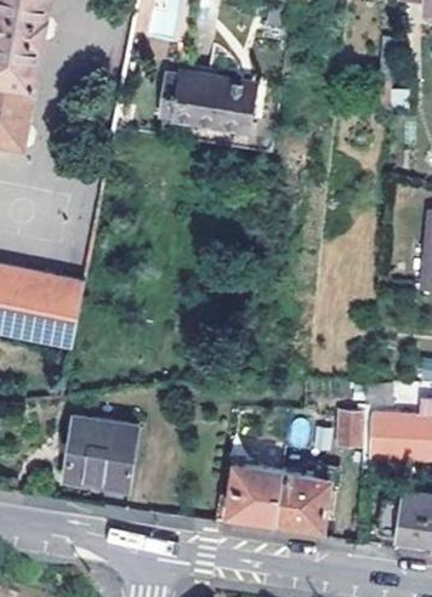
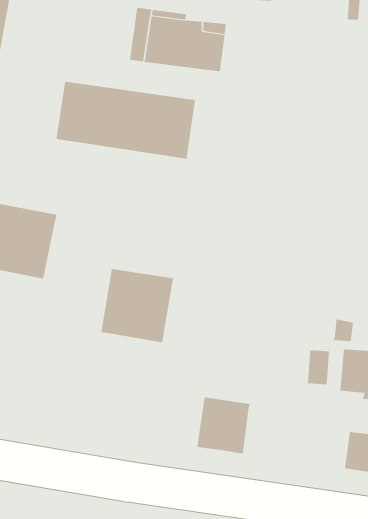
building: none -> [56,81,195,160]
building: [63,419,137,494] -> [100,269,174,343]
building: [274,474,328,528] -> none

